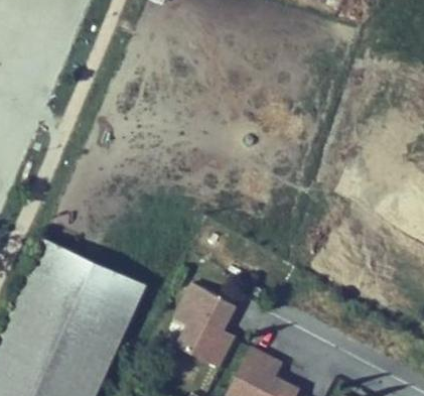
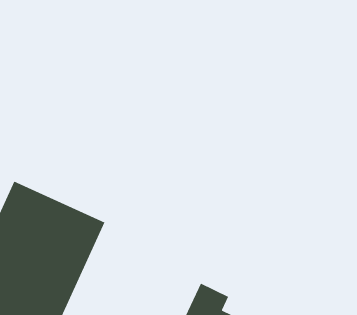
building: [176,284,237,366] -> none

